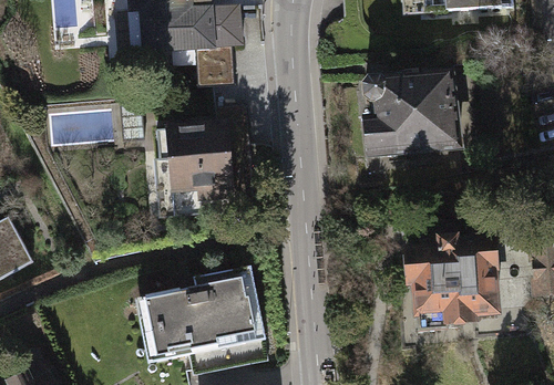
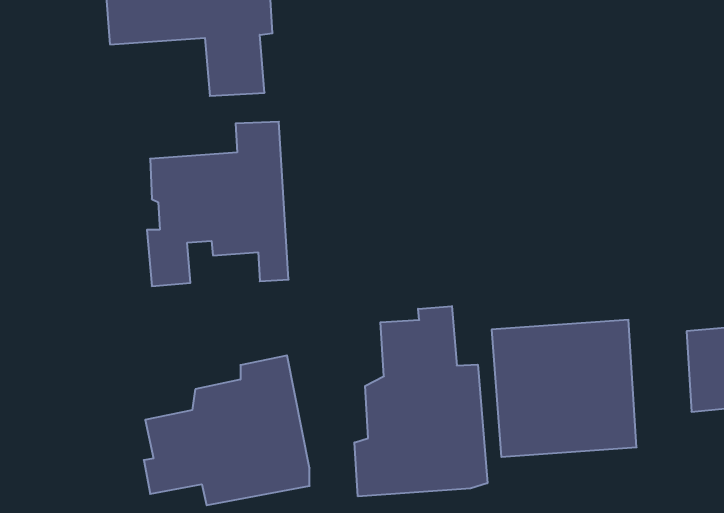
building: [362,66,463,147] -> none
building: none -> [354,306,487,496]

